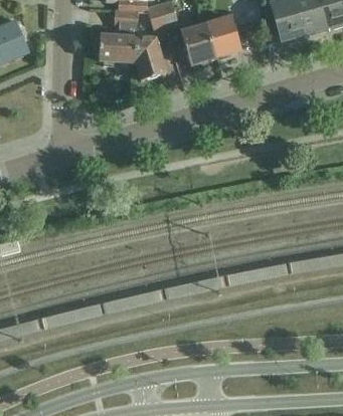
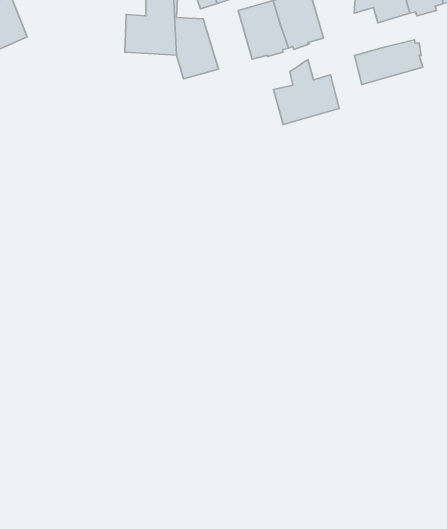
building: none -> [355,40,423,84]
building: none -> [274,60,339,124]

